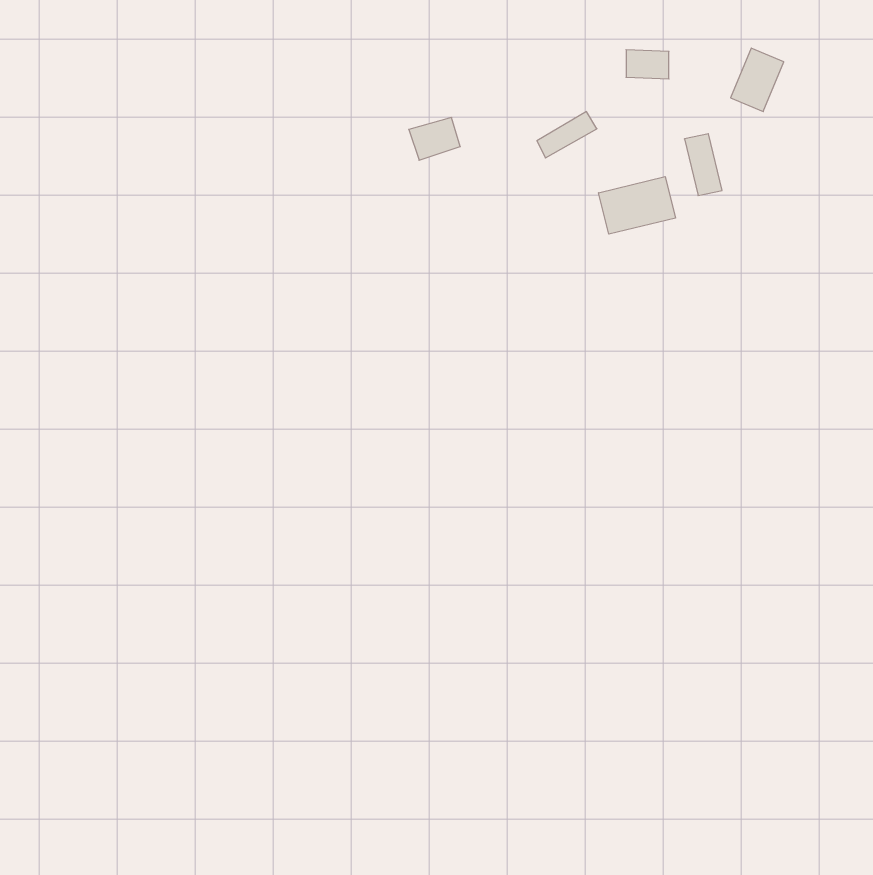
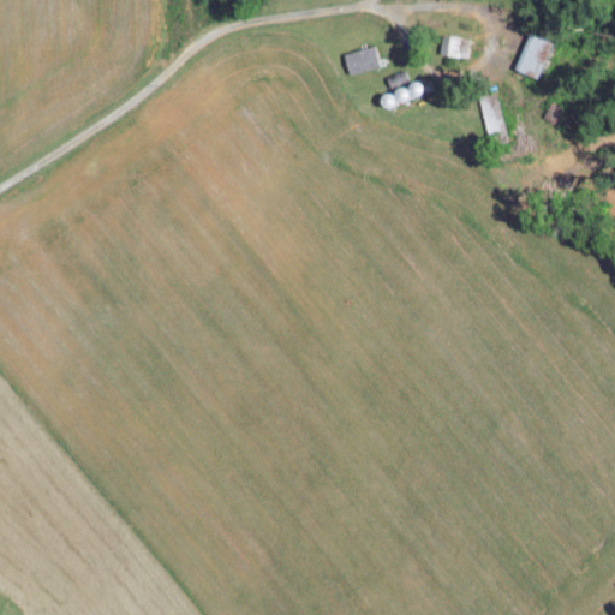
building: [409,117,460,160] -> [344,46,380,76]
building: [599,177,675,234] -> none

